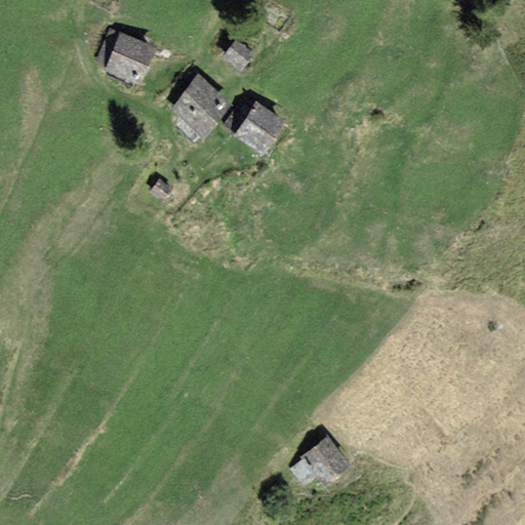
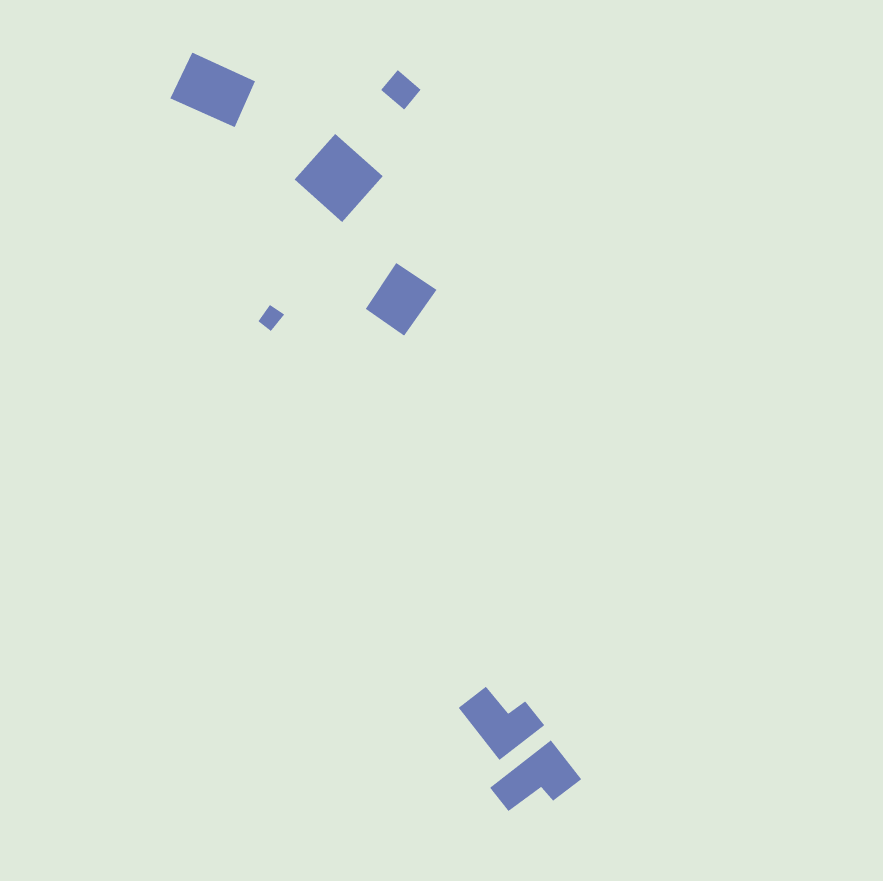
building: [240,105,283,149] -> [365,262,437,337]
building: none -> [458,686,545,761]

